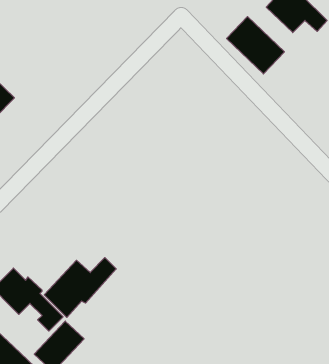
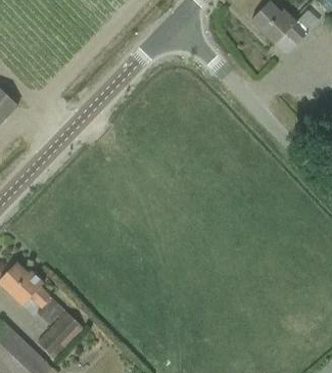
building: [227,17,284,74] -> none
building: [44,258,116,317] -> none

